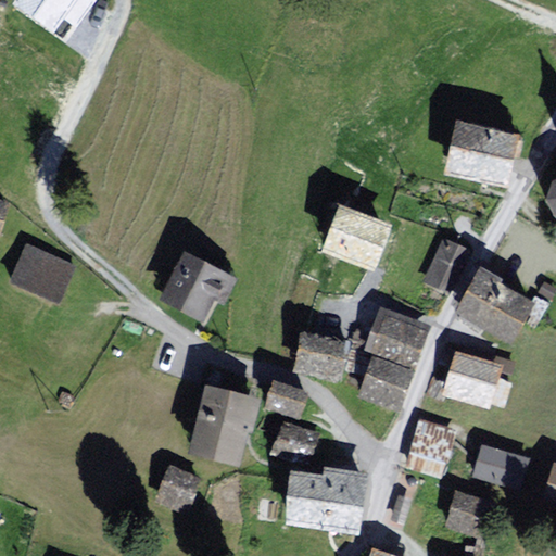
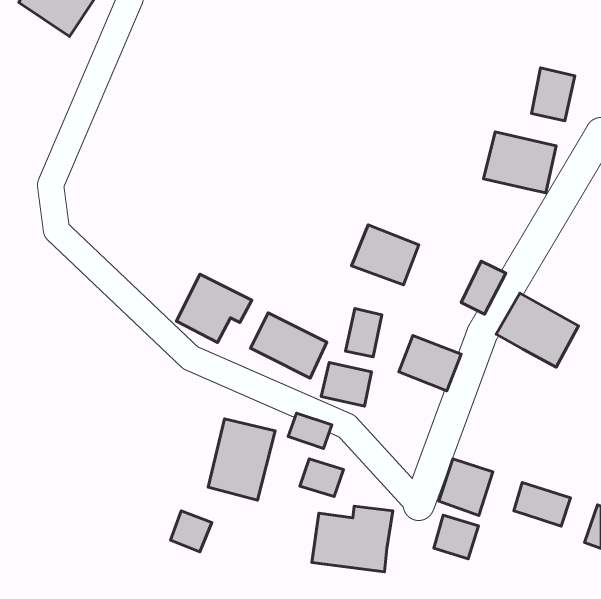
building: none -> [532,68,575,121]
building: [13,244,72,296] -> none
building: none -> [346,308,382,357]
building: none -> [250,313,327,378]
building: [444,354,497,403] -> none
building: [361,357,408,404] -> none
building: [447,491,489,531] -> [434,515,479,559]

